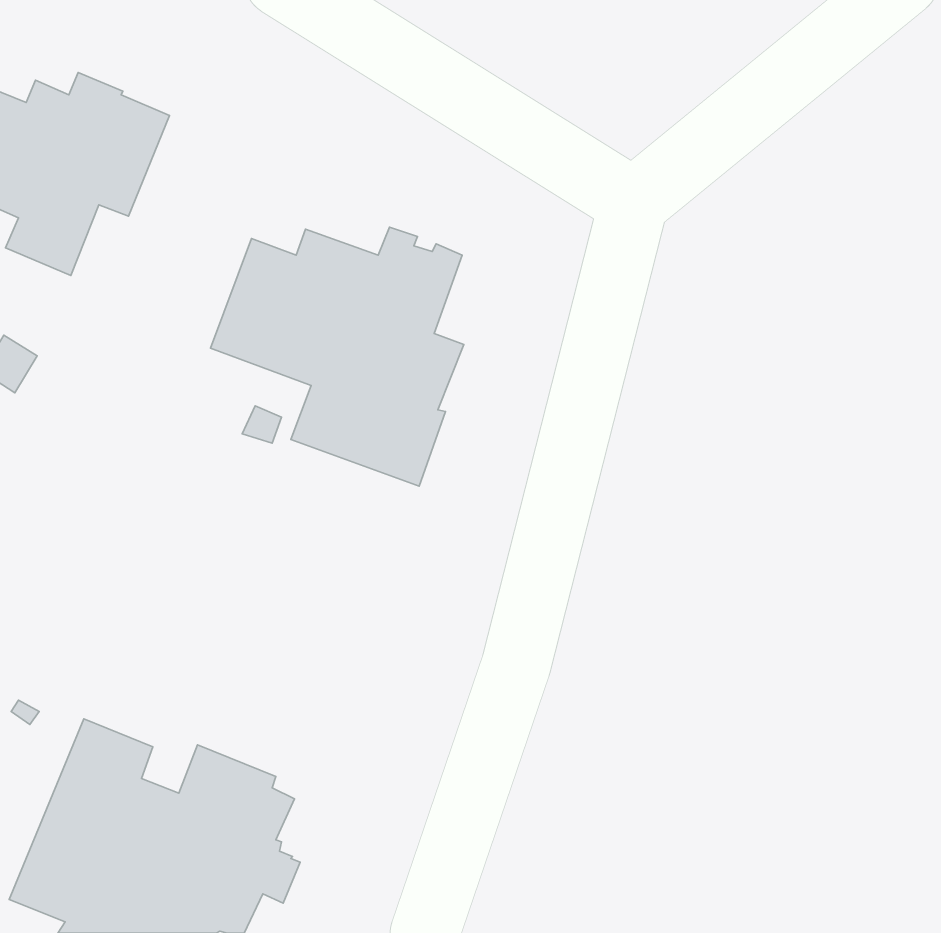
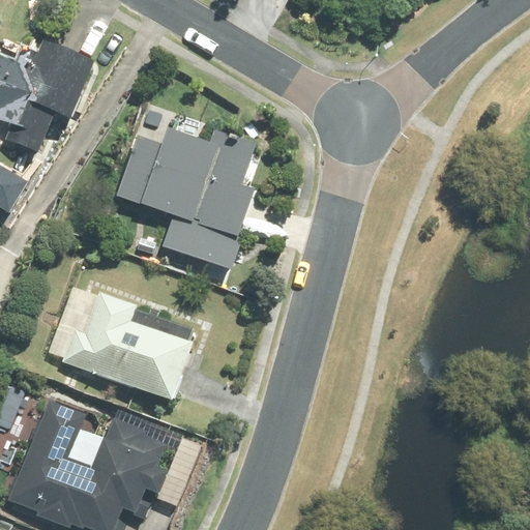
building: none -> [49,282,198,402]

